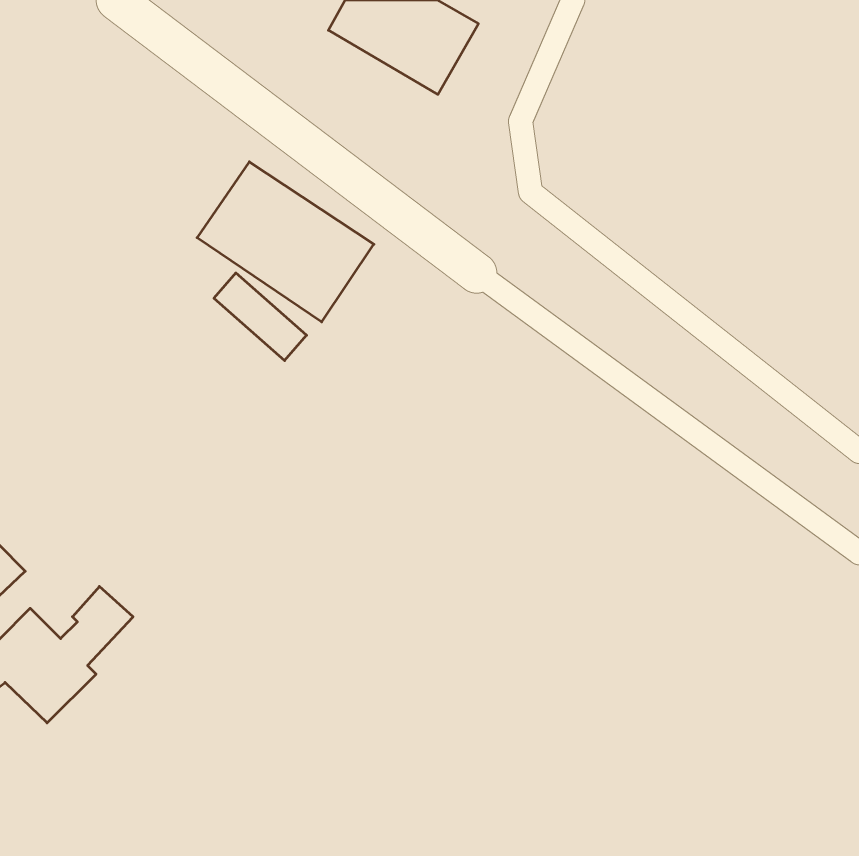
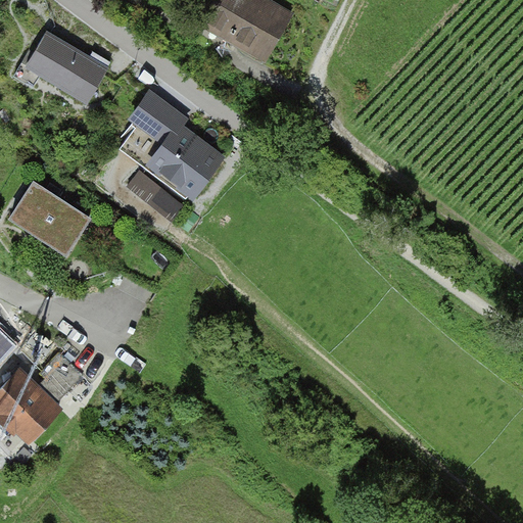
building: none -> [8,29,108,113]
building: none -> [11,180,92,255]

